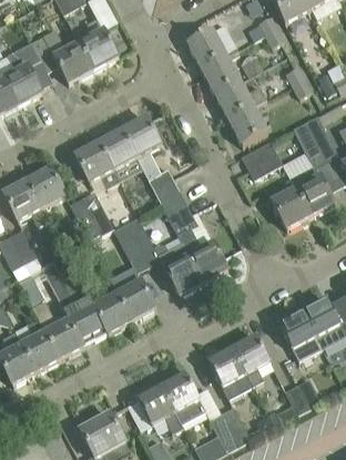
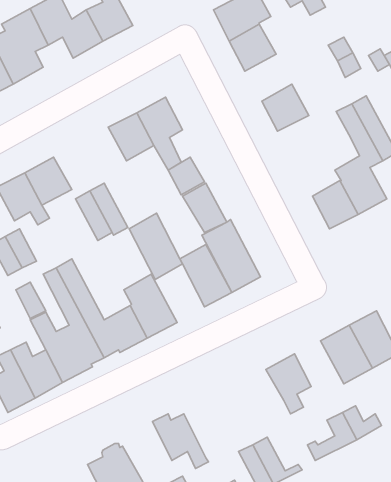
building: [214,80,266,120] -> none
building: [242,140,283,178] -> none
building: [74,142,119,187] -> none
building: [208,348,253,399] -> none
building: [162,372,206,423] -> none

